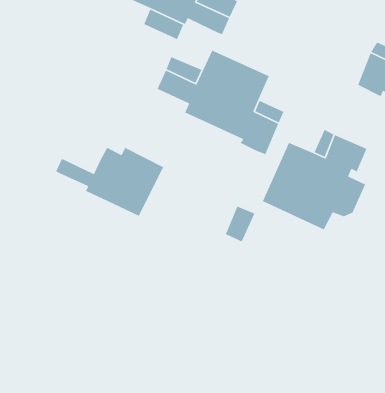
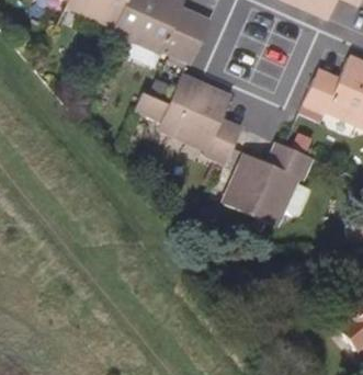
building: [55,147,164,217] -> none

